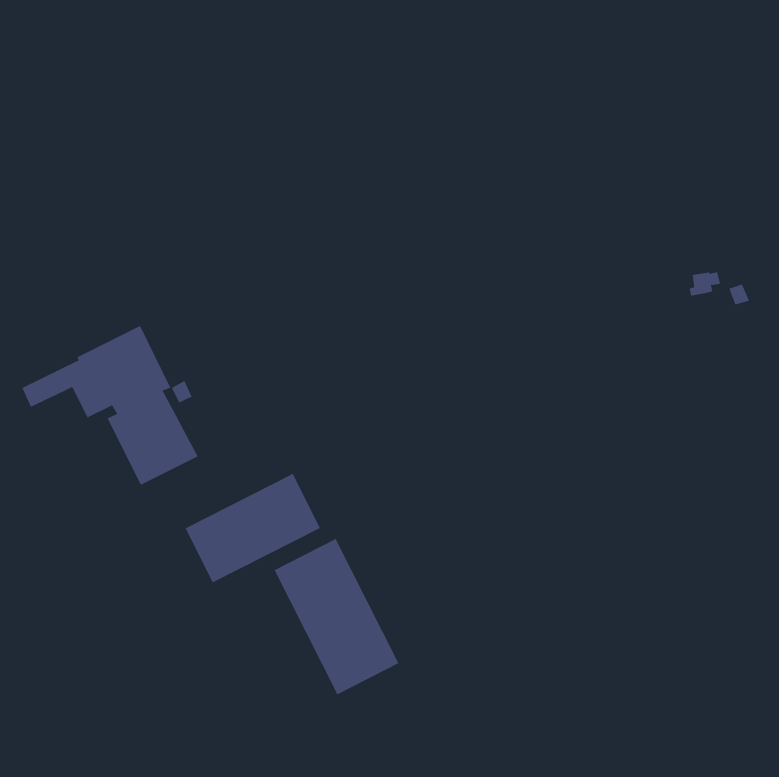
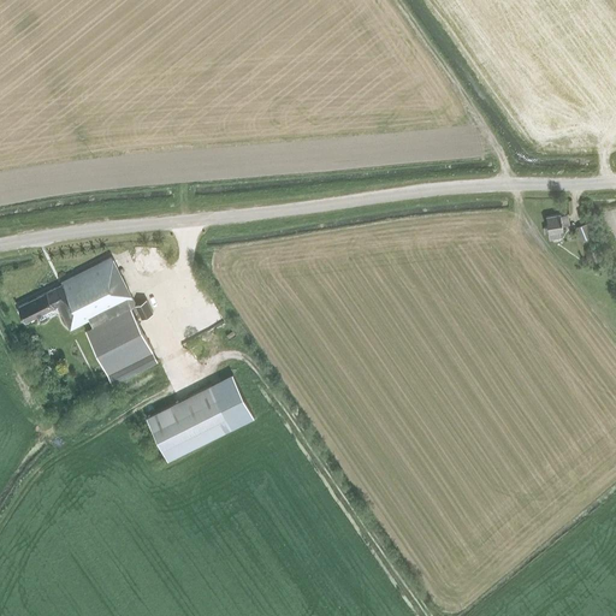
building: [274,538,399,695] -> none

